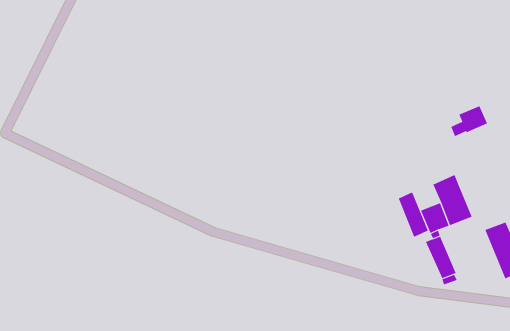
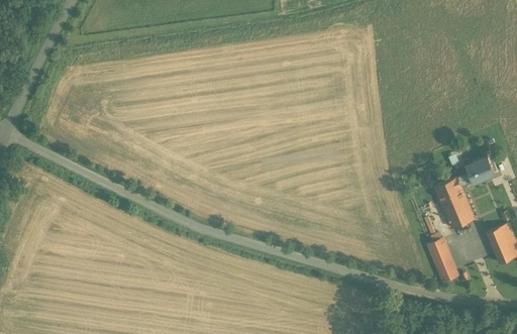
building: [451,106,488,137] -> [457,155,495,187]
building: [398,192,429,237] -> none

